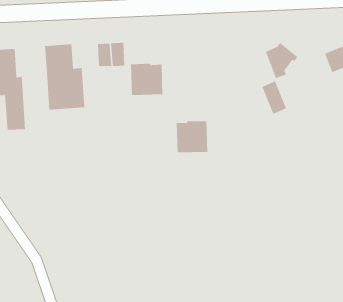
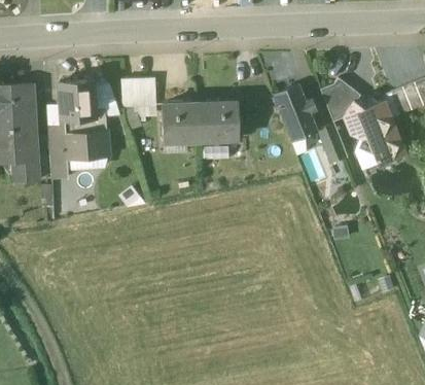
building: none -> [273,83,317,138]
building: none -> [345,97,402,164]
building: none -> [48,125,67,167]
building: [176,121,208,153] -> [200,101,238,139]

